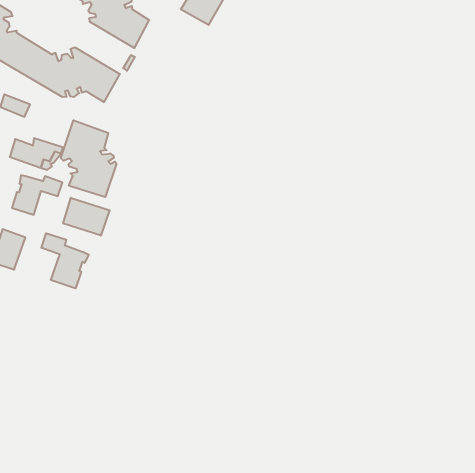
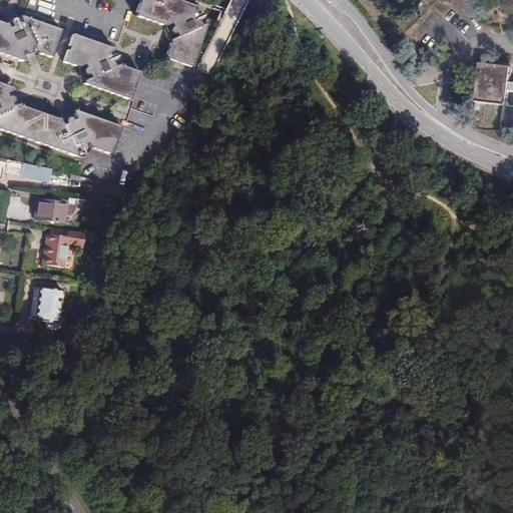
building: [61,120,116,197] -> none
building: [63,198,110,236] -> none
building: [41,233,89,288] -> none

